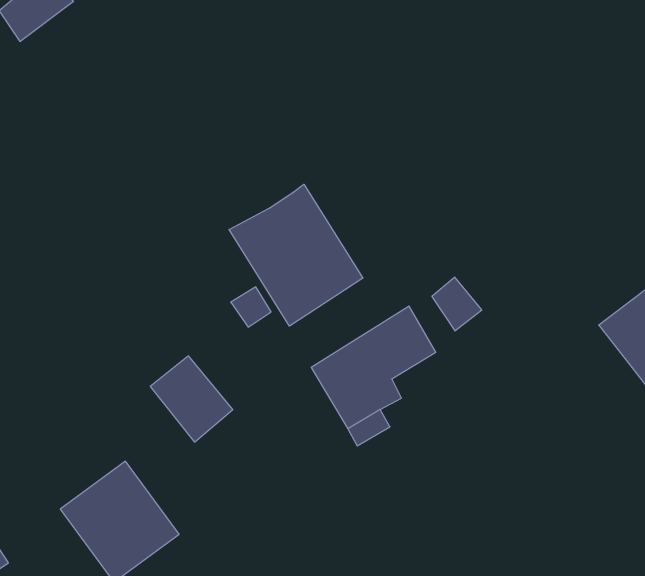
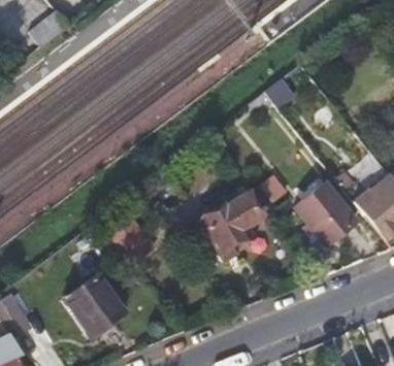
building: [229,184,363,326] -> none
building: none -> [294,180,359,247]

